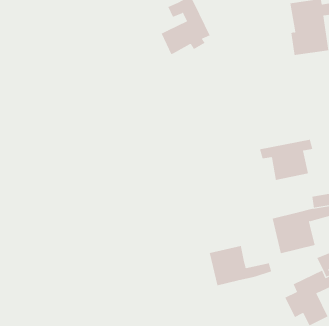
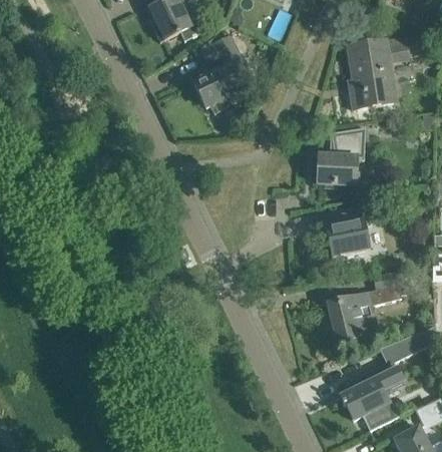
building: none -> [317,130,366,188]
building: [209,245,272,286] -> none

